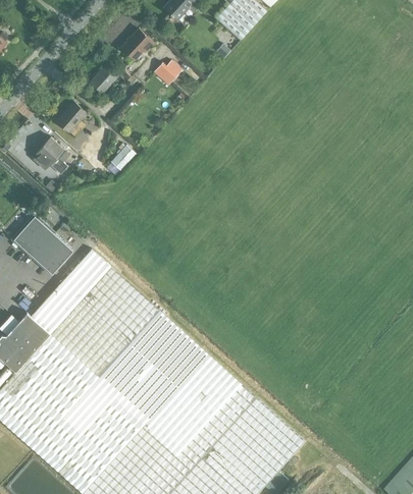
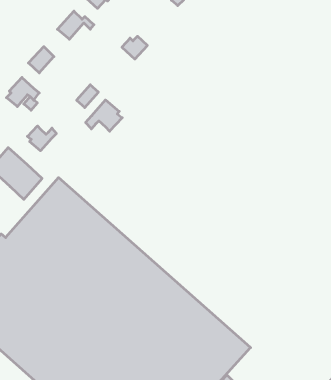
building: [154,61,183,87] -> [122,36,147,59]
building: none -> [86,100,122,131]
building: none -> [27,126,56,151]

